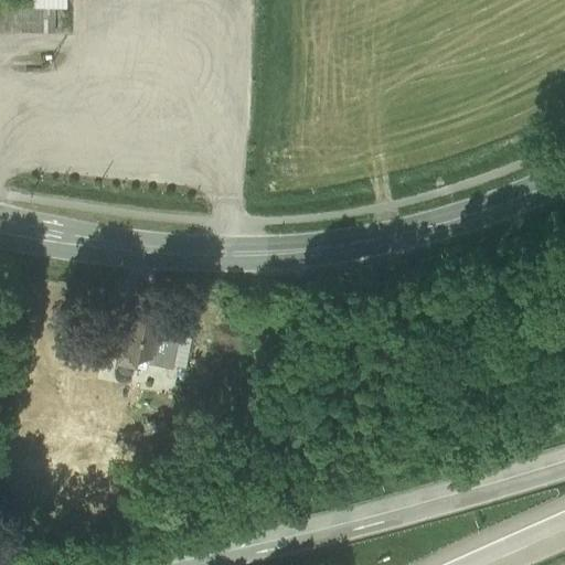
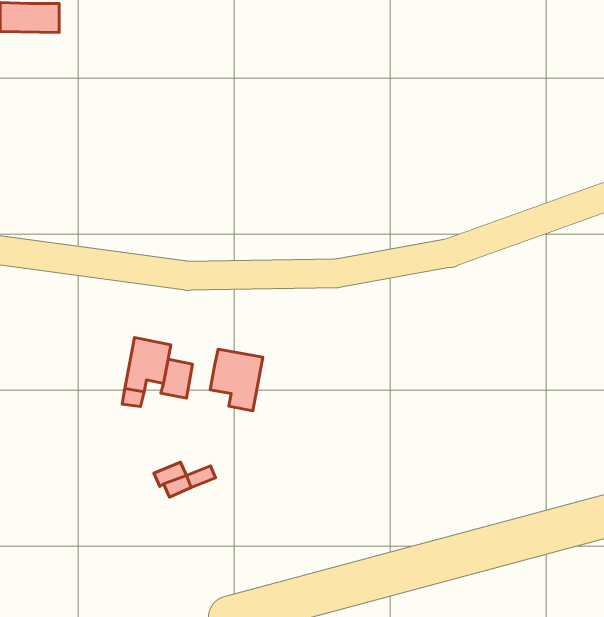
building: none -> [210,349,263,411]

